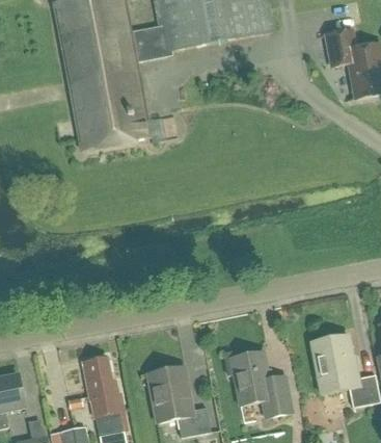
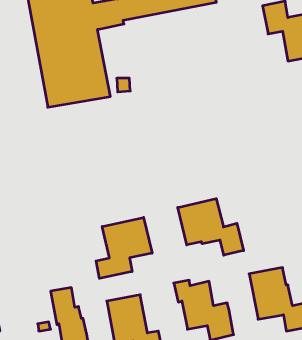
building: none -> [178,199,244,255]
building: none -> [96,217,152,278]

